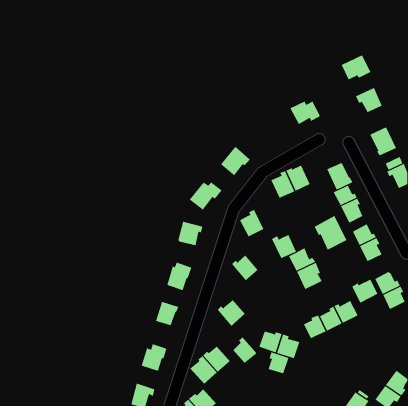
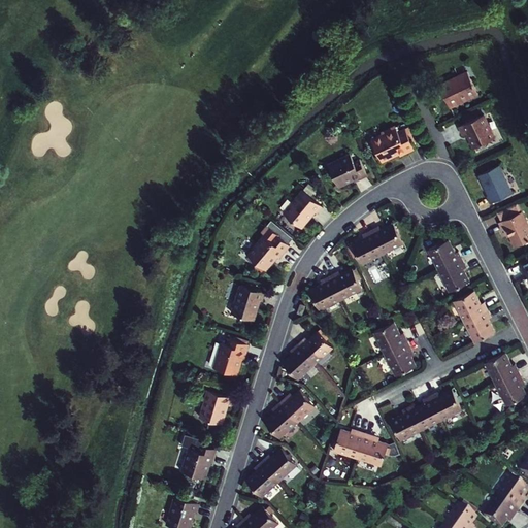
building: none -> [326,159,366,189]
building: [326,162,353,190] -> none
building: [314,215,347,250] -> none
building: [271,234,297,259] -> [328,267,361,299]
building: none -> [283,344,317,382]
building: [351,279,378,303] -> none
building: [233,336,257,364] -> [266,403,298,438]
building: [268,351,289,374] -> none

